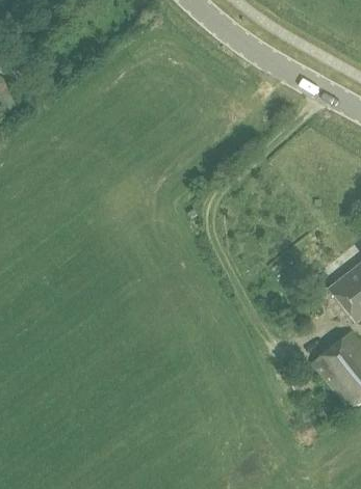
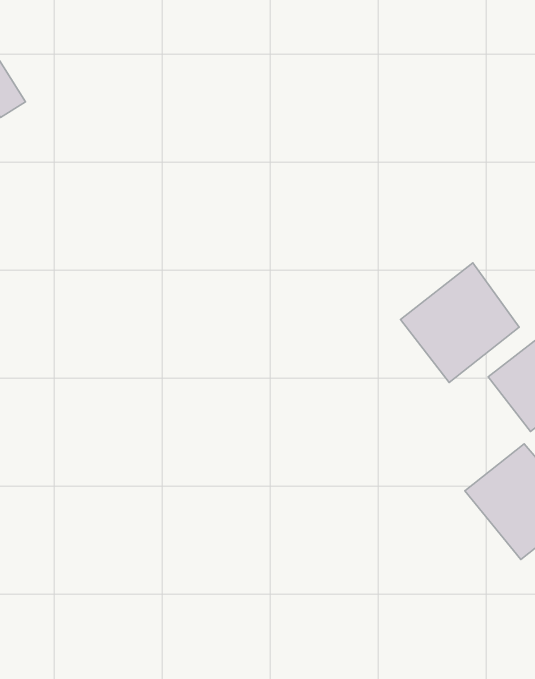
building: none -> [401,263,519,383]

